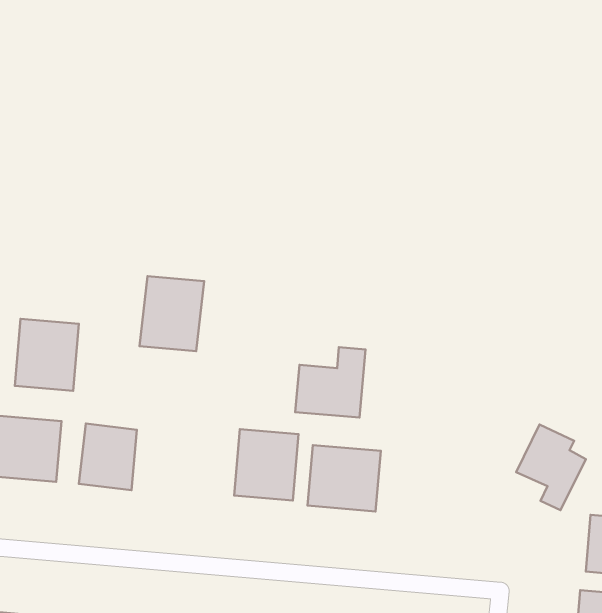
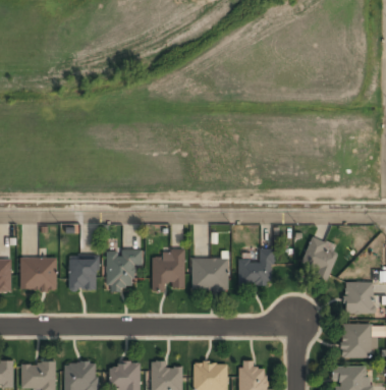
building: [139,276,204,351] -> [106,252,137,289]
building: [15,319,79,391] -> none
building: [295,347,365,418] -> [238,249,273,286]

